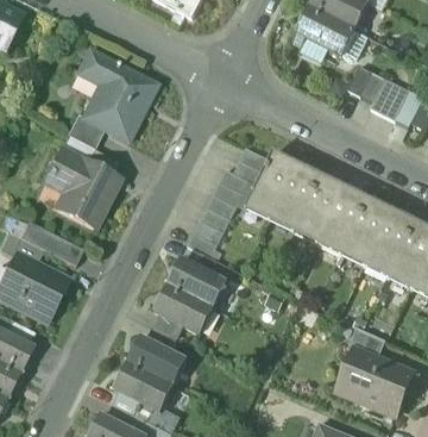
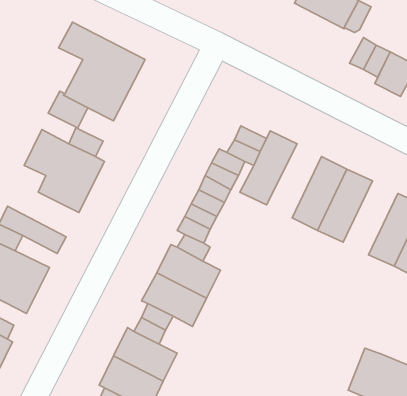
building: [270,163,321,232] -> none
building: [341,198,392,267] -> none
building: [348,327,386,360] -> none

